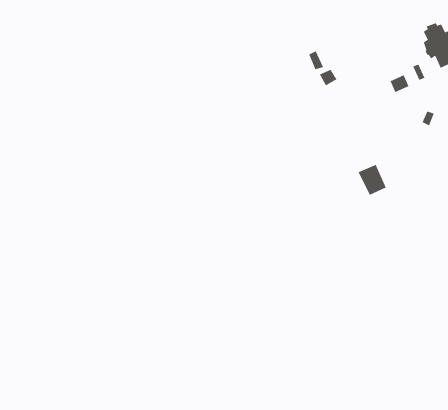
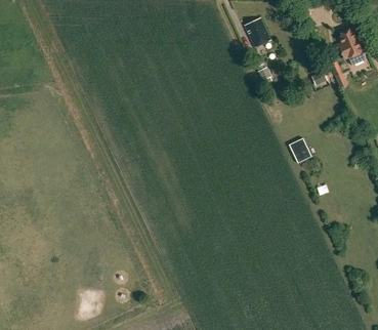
building: none -> [244,19,269,48]

